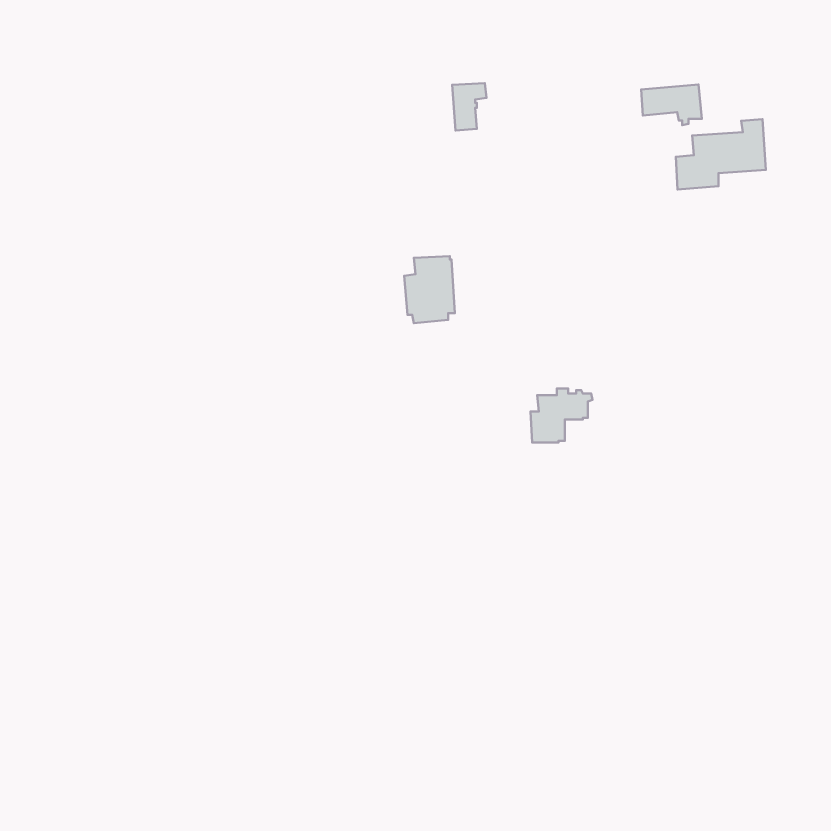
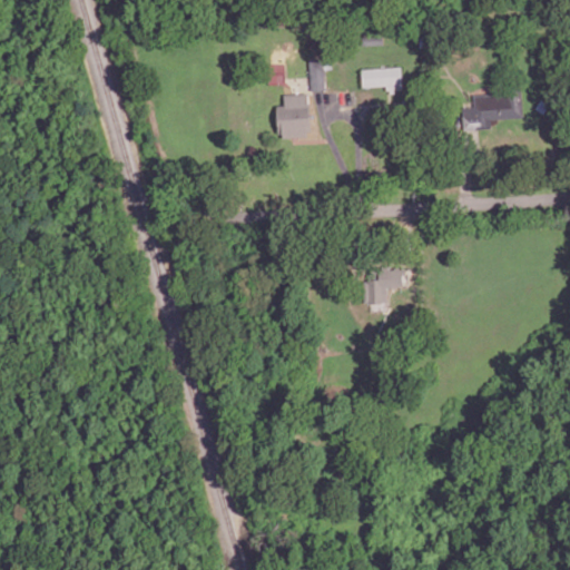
building: [641,84,702,125] -> [361,67,402,95]
building: [404,256,455,323] -> [276,94,311,139]

